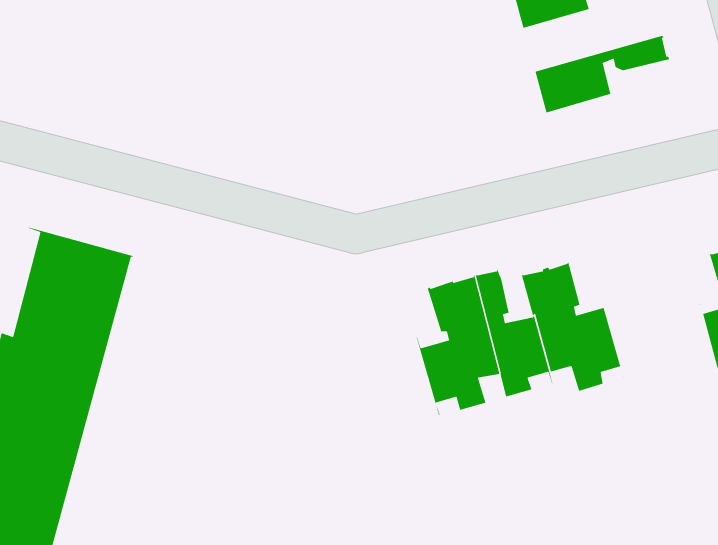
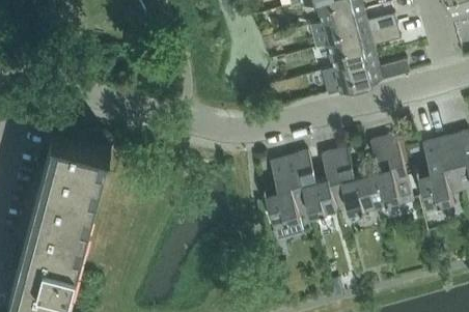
building: none -> [323,10,398,45]
building: none -> [323,56,411,93]
building: none -> [365,134,413,210]

